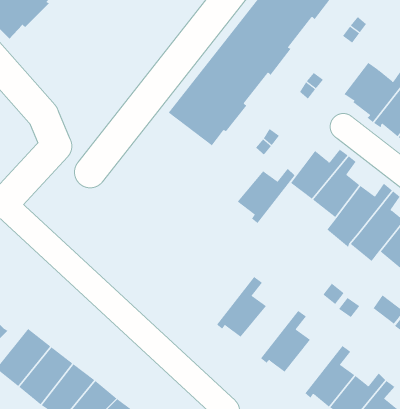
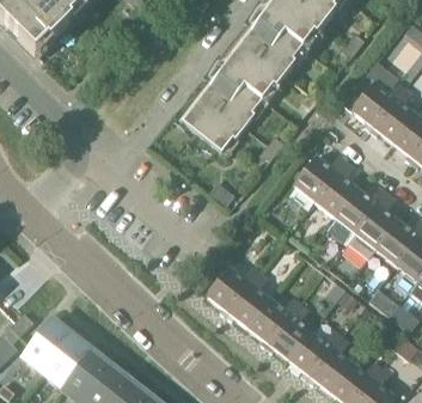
building: [237,168,295,224] -> [204,262,258,313]
building: none -> [246,294,299,344]
building: none -> [287,326,340,377]

